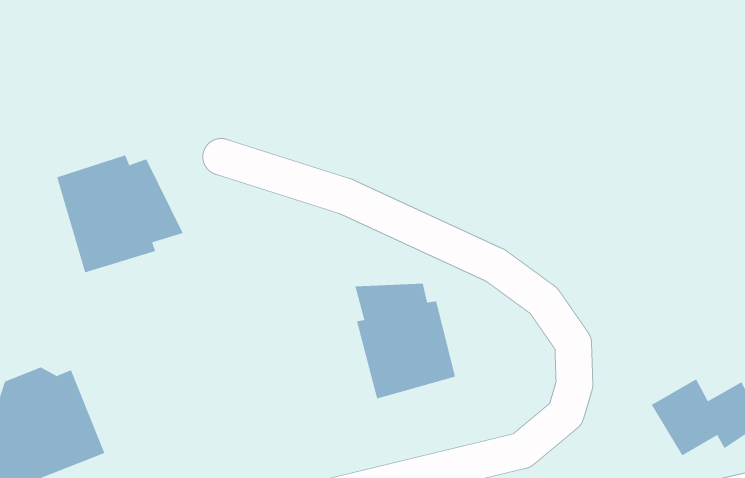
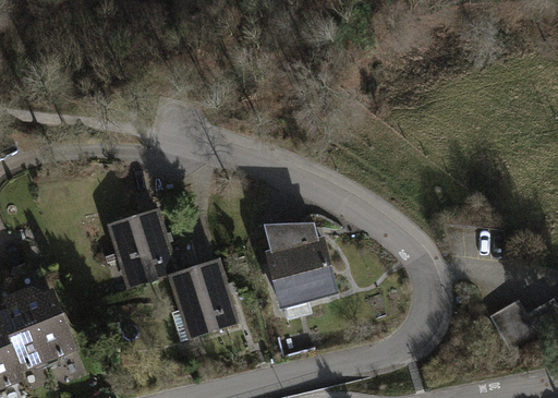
building: [57,154,184,273] -> none
building: none -> [106,205,240,336]

